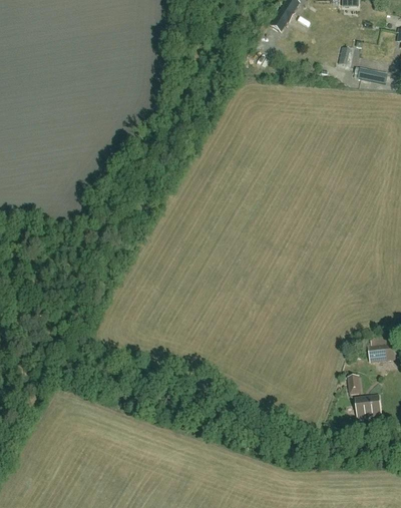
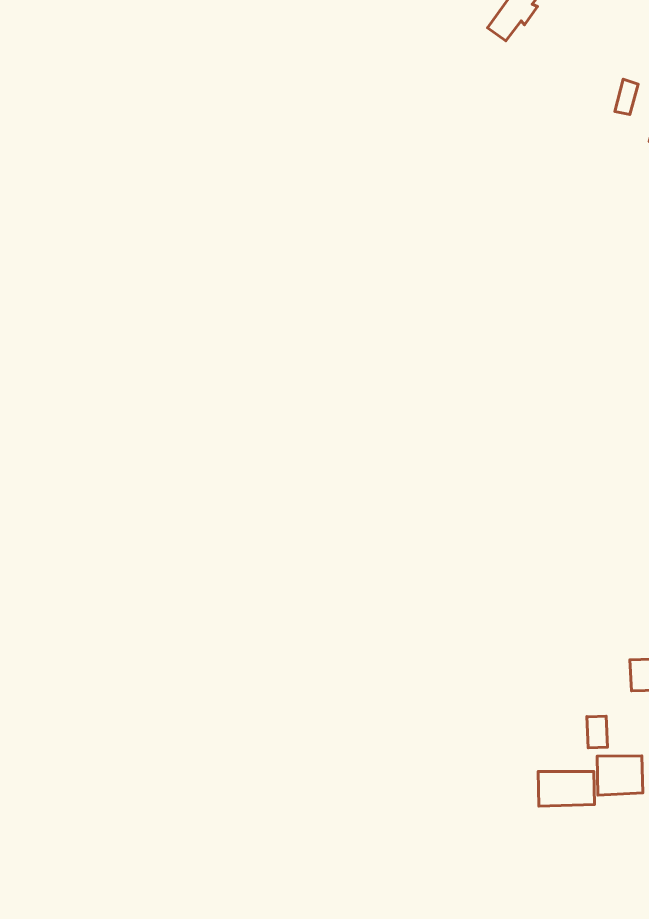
building: none -> [538,772,594,806]

